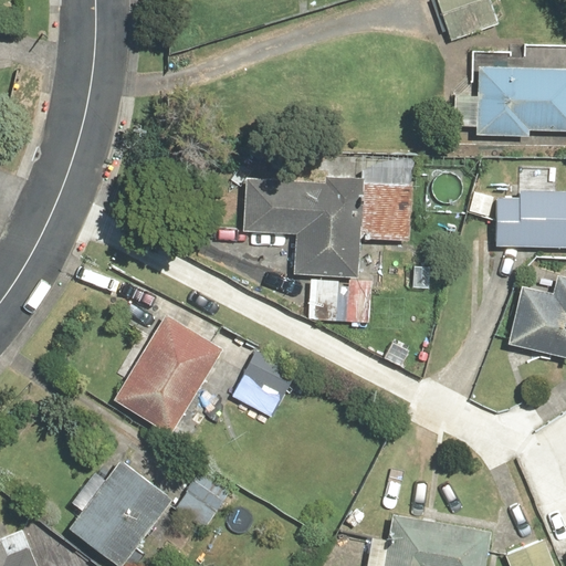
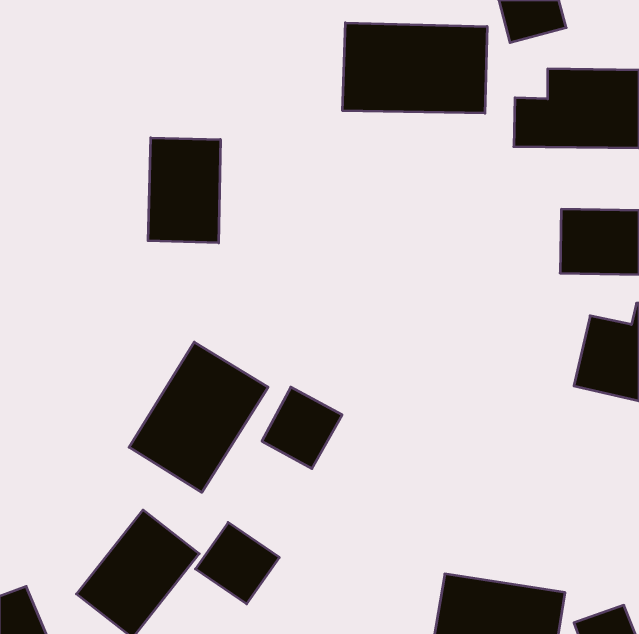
building: none -> [343,23,487,113]
building: none -> [148,138,220,243]
building: [247,156,417,325] -> none

